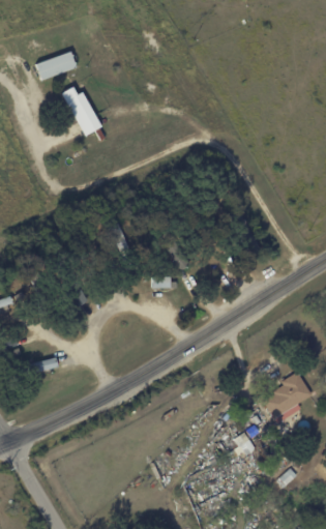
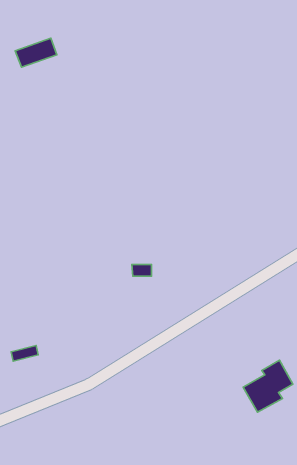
building: [62,86,101,136] -> none

